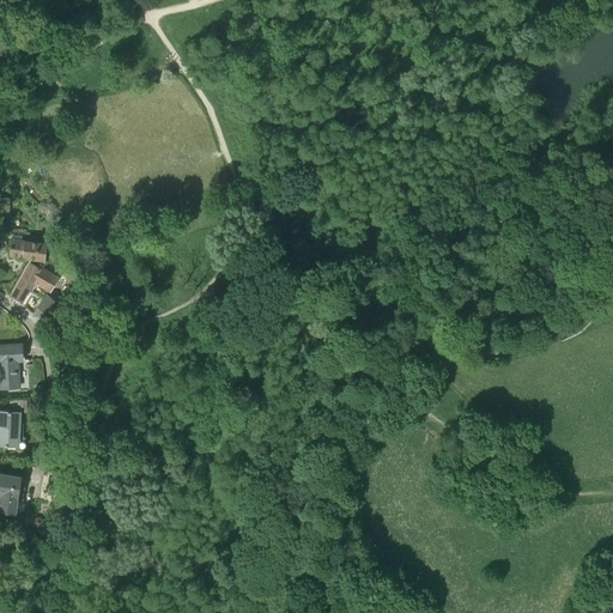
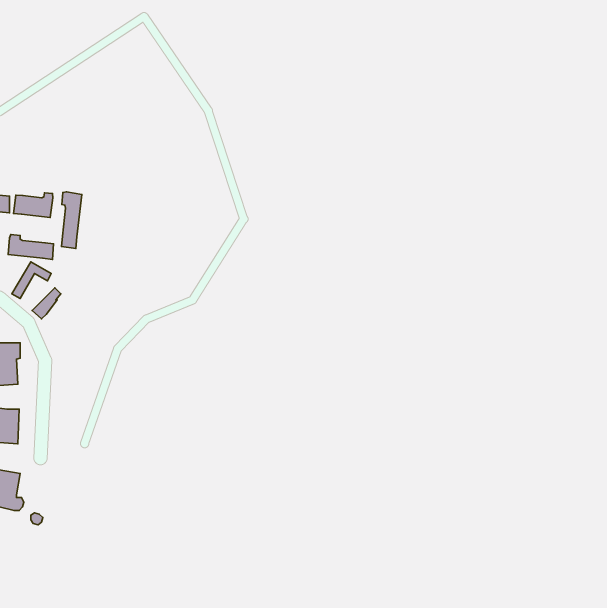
building: none -> [62,192,82,249]
building: none -> [14,193,53,218]

